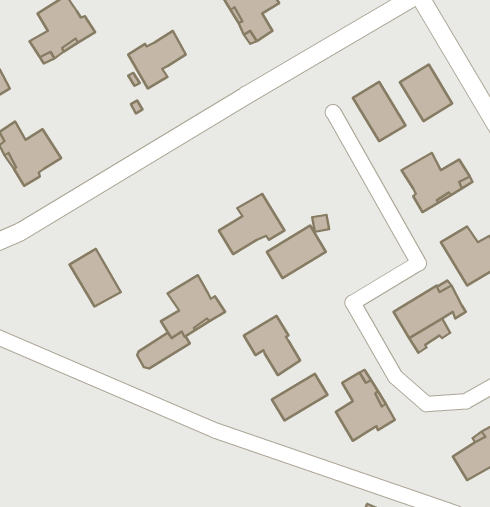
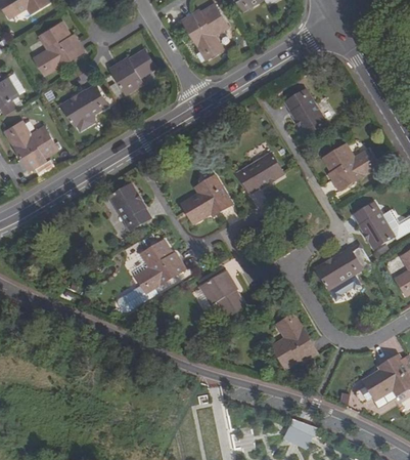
building: [400,65,452,121] -> none
building: none -> [61,84,107,125]
building: [267,225,326,278] -> [236,153,282,194]
building: [69,249,121,307] -> [109,184,149,229]
building: [272,374,328,421] -> none

